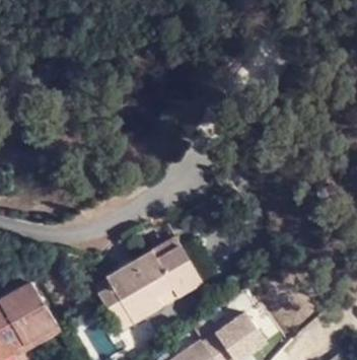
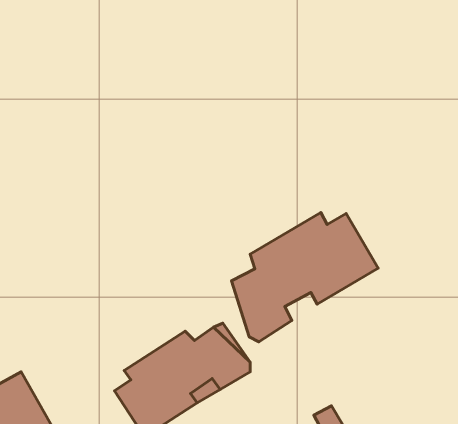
building: none -> [232,213,378,342]

